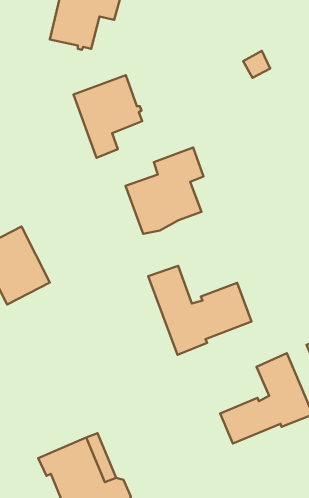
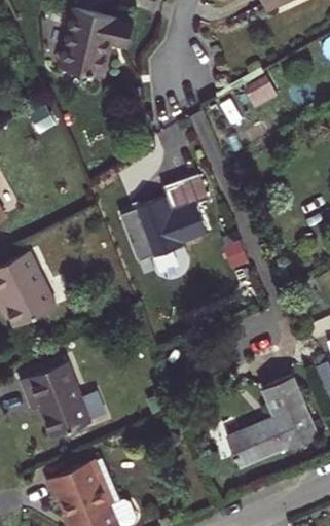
building: [73,75,142,158] -> none
building: [148,266,252,355] -> none
building: none -> [21,361,90,436]

